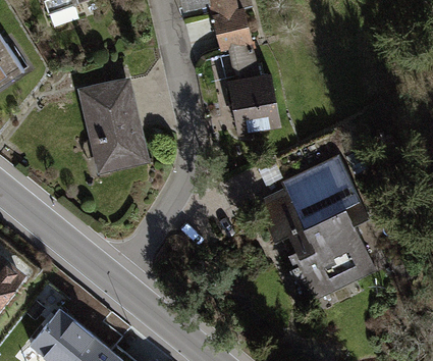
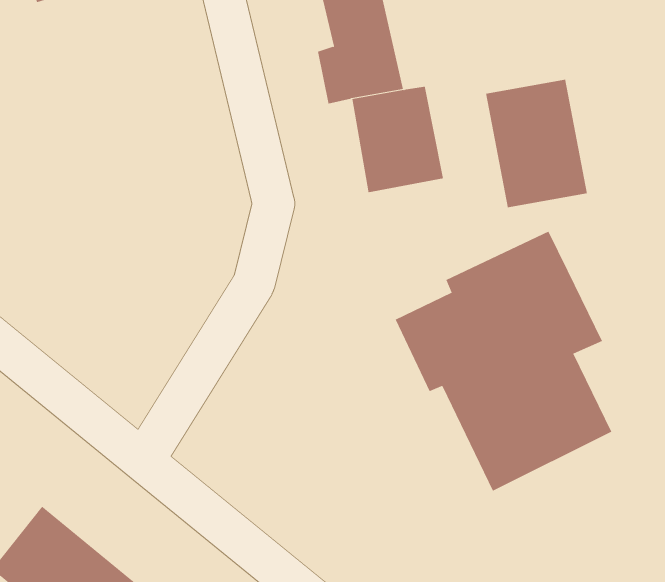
building: none -> [486,79,587,208]
building: [77,76,150,174] -> none

